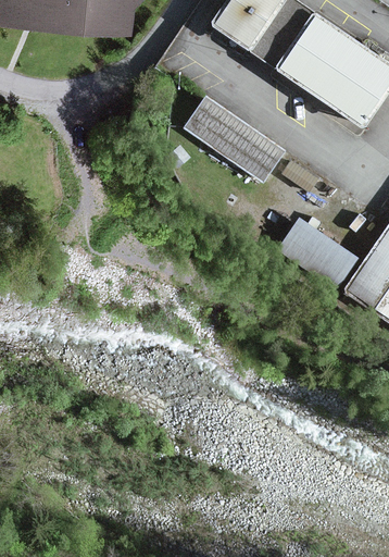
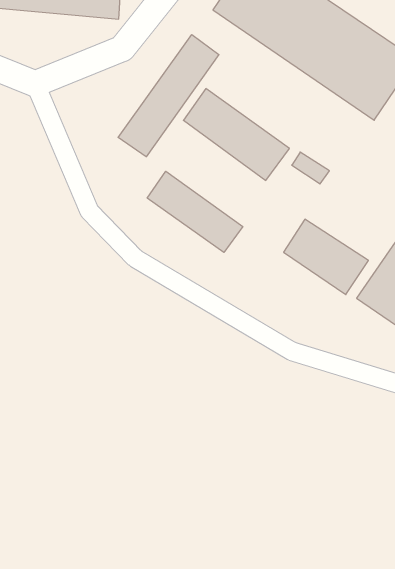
building: none -> [118,35,219,157]
building: none -> [147,171,243,252]

